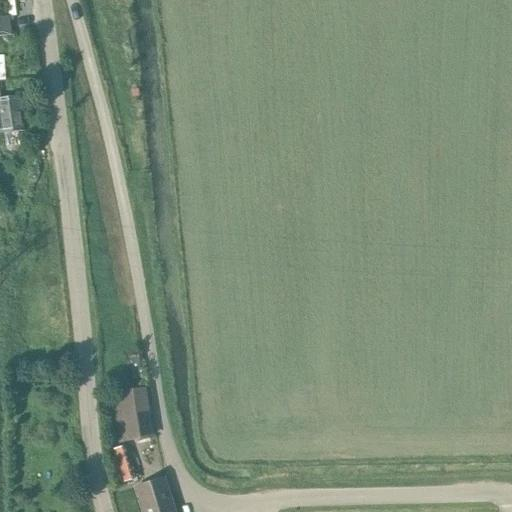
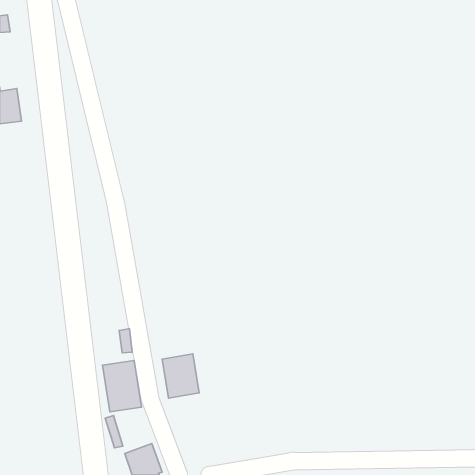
building: none -> [162,354,199,398]

